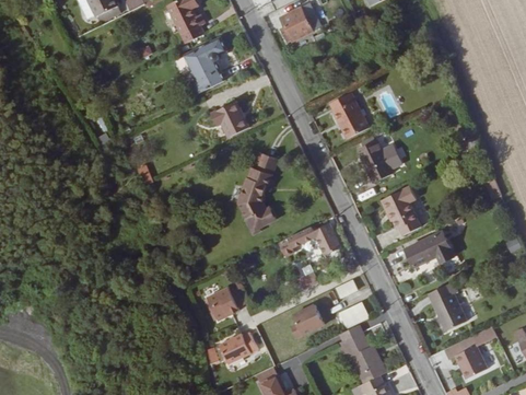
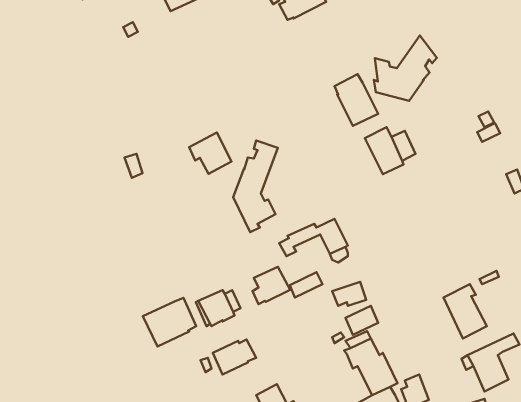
building: [186,39,224,93] -> none
building: none -> [374,35,437,101]
building: [211,101,249,138] -> [189,133,231,174]
building: [381,187,421,235] -> none
building: [405,225,457,266] -> none
building: none -> [143,298,196,346]
building: [291,304,325,338] -> [253,267,290,304]

